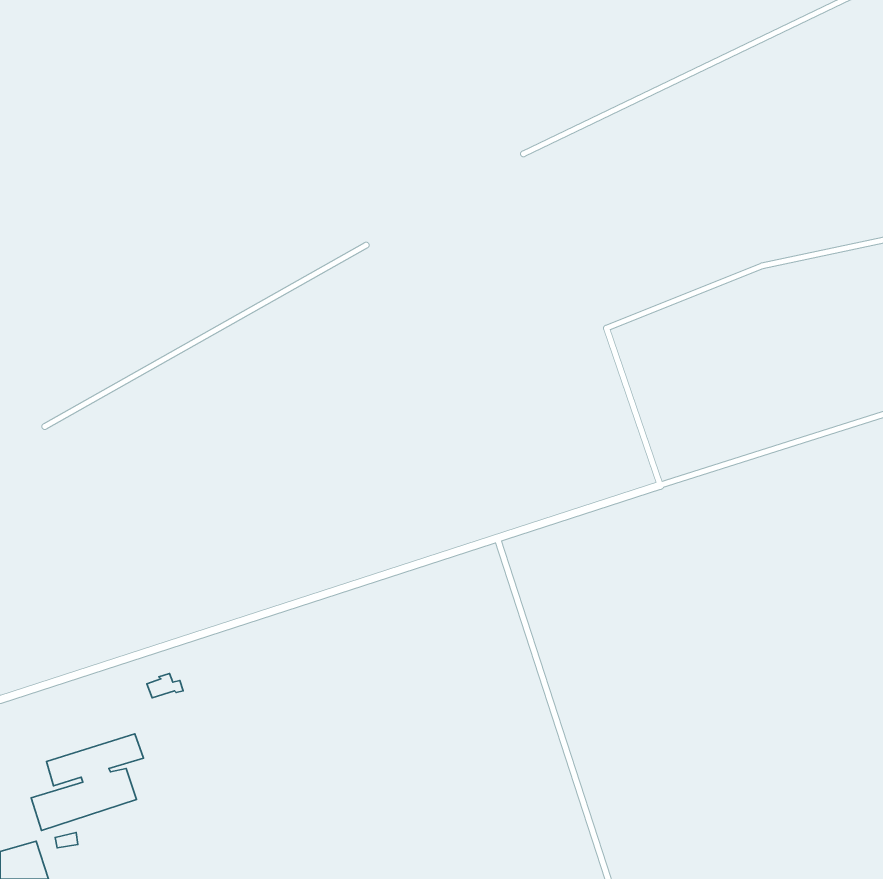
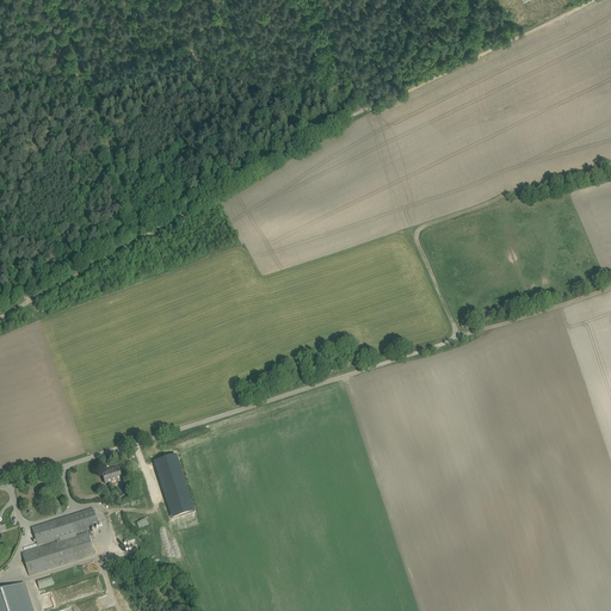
building: none -> [153,452,195,518]

